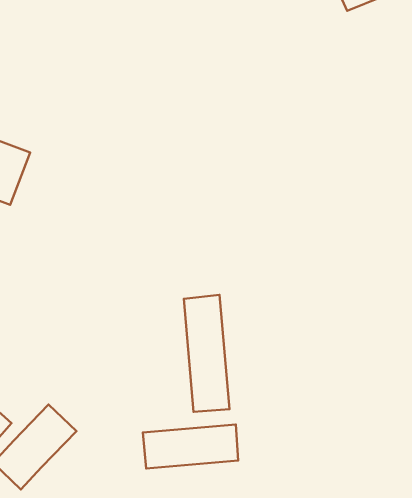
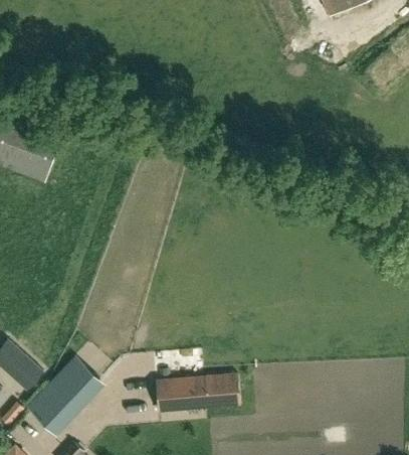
building: [184,295,230,412] -> none

